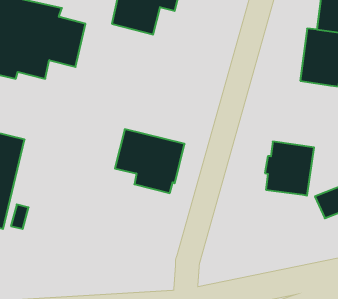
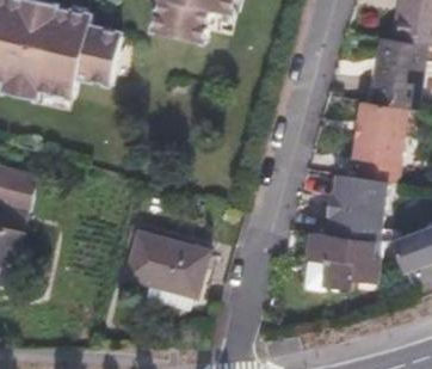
building: none -> [357,99,411,180]
building: [115,129,185,193] -> [129,229,214,307]
building: none -> [307,230,379,289]

